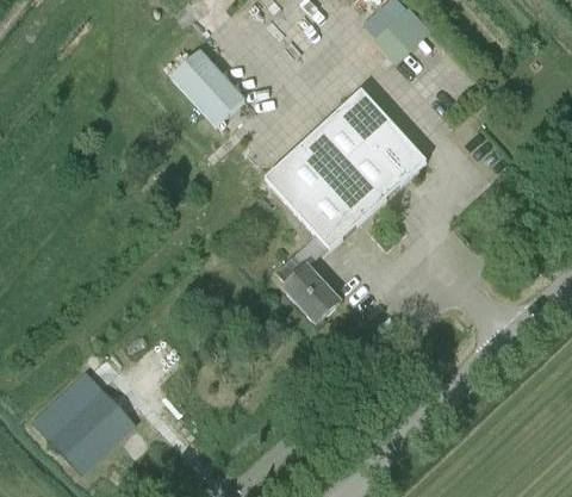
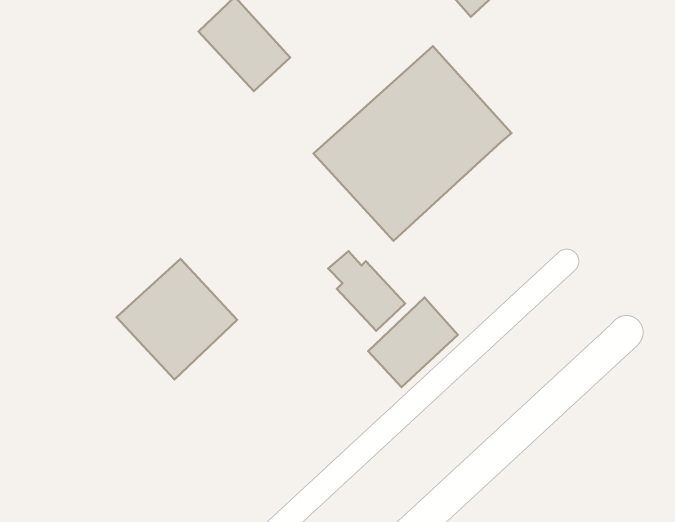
building: none -> [368,298,458,387]
building: [33,373,132,472] -> [116,259,237,380]

